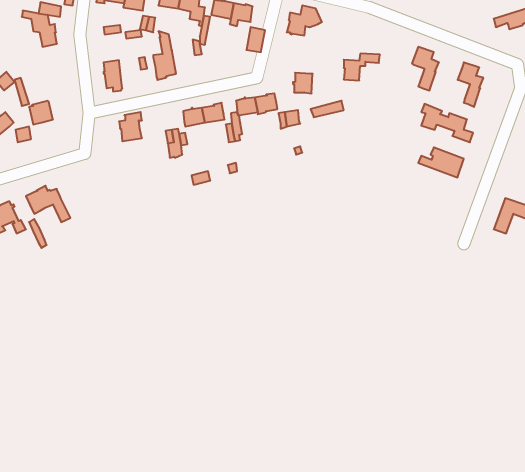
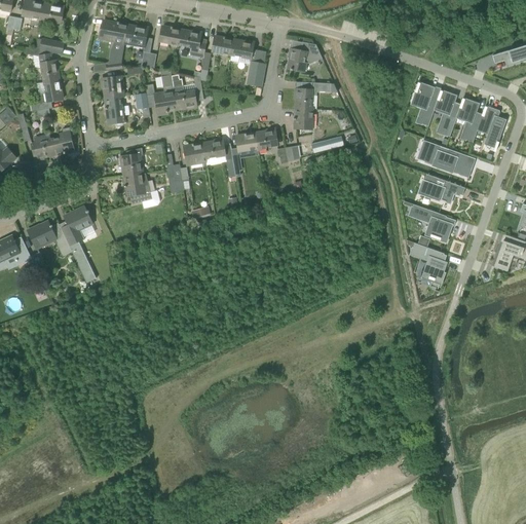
building: none -> [171,74,196,109]
building: none -> [101,76,124,98]
building: none -> [31,79,63,111]
building: [344,54,380,80] -> [295,82,331,109]
building: none -> [434,89,460,136]
building: none -> [478,106,505,151]
building: none -> [50,126,76,154]
building: none -> [123,173,152,203]
building: none -> [410,203,451,240]
building: none -> [63,205,96,283]
building: none -> [410,242,447,280]

